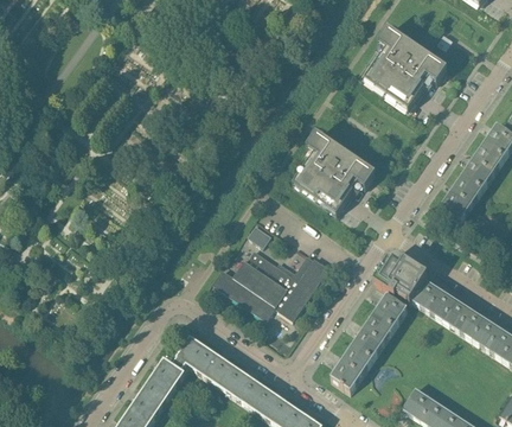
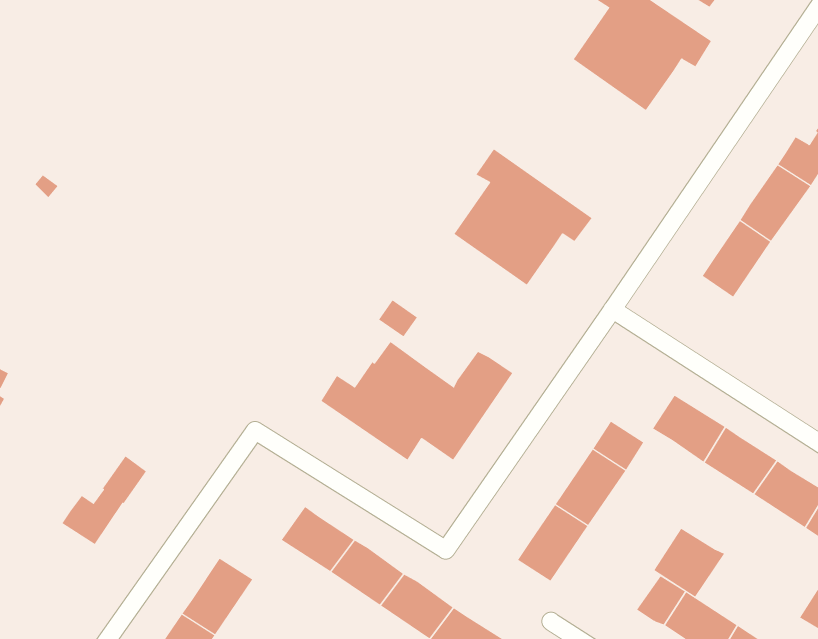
building: [376,260,428,302] -> none
building: [153,336,204,389] -> [61,456,147,545]
building: none -> [653,528,725,598]

